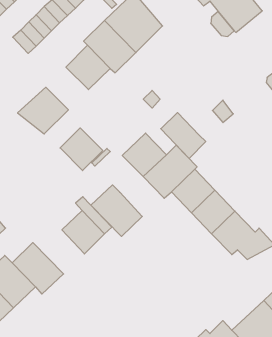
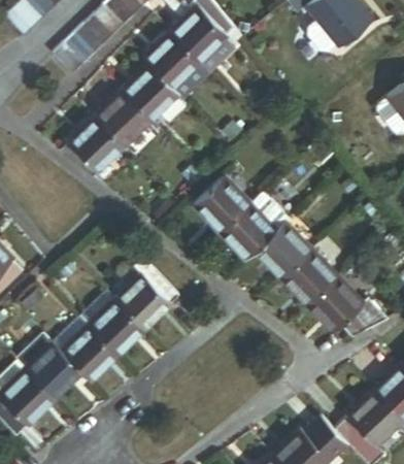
building: [161,113,206,158] -> none
building: [60,128,103,171] -> [95,91,149,145]
building: [91,185,142,236] -> [78,290,144,356]

